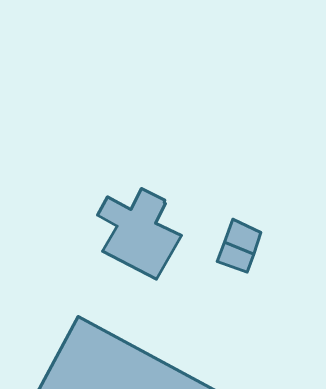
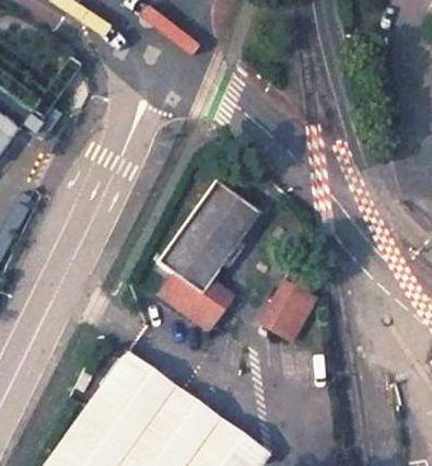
building: none -> [171,180,260,261]

